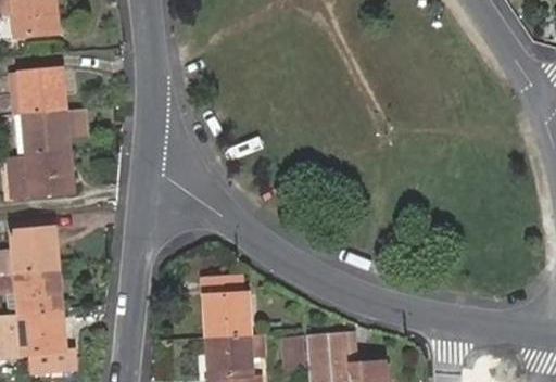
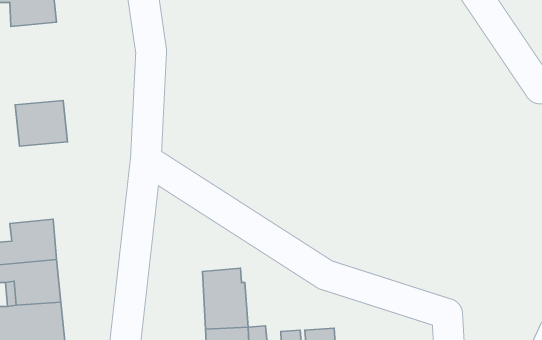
building: [11,68,65,113] -> none
building: [8,150,73,195] -> none

